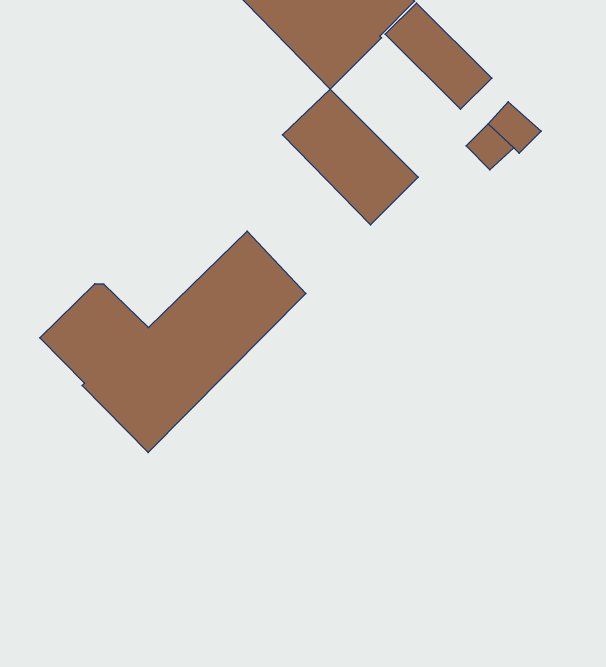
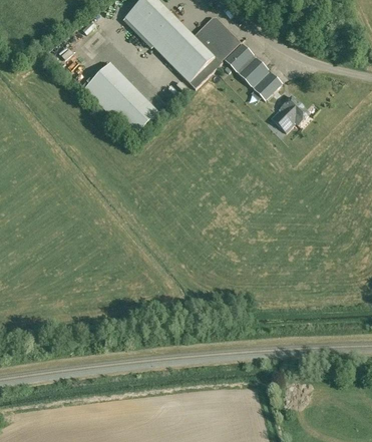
building: [282,89,418,225] -> [83,63,157,137]
building: [40,231,306,453] -> none

